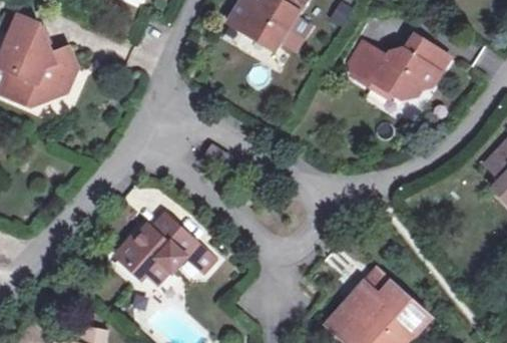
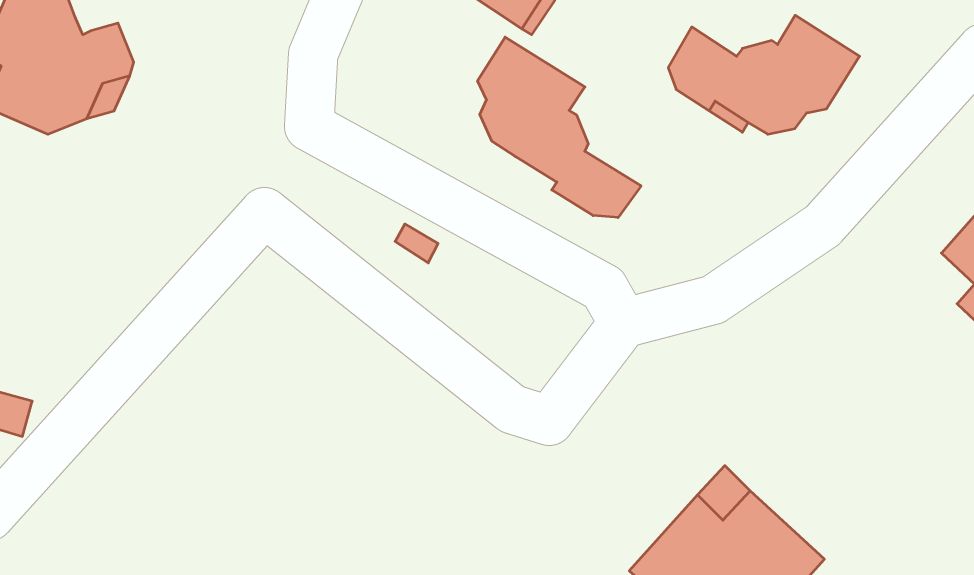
building: none -> [478,37,641,218]
building: [113,214,211,280] -> none

